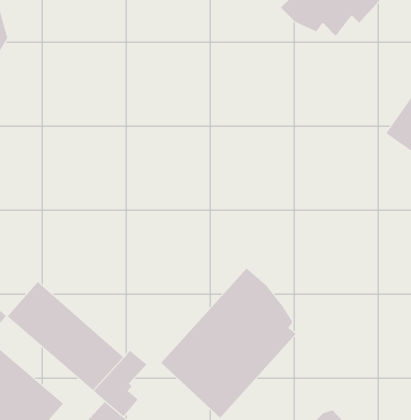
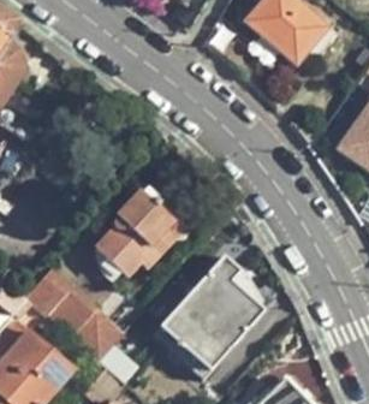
building: none -> [94,185,185,279]

